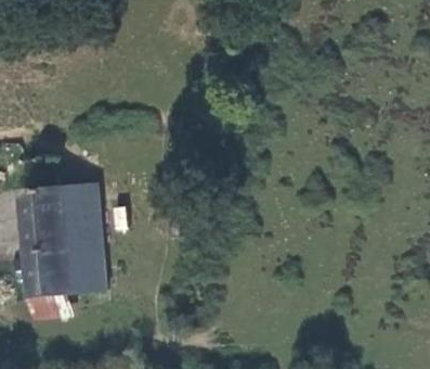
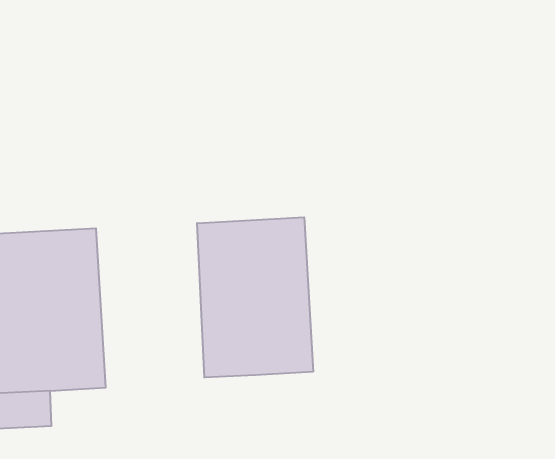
building: none -> [197,217,313,378]

